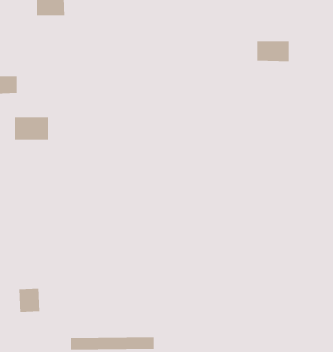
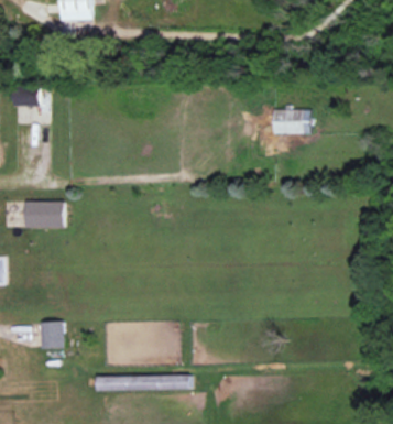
building: [257,40,289,62] -> [272,110,308,134]
building: [14,117,49,140] -> [24,202,63,228]

